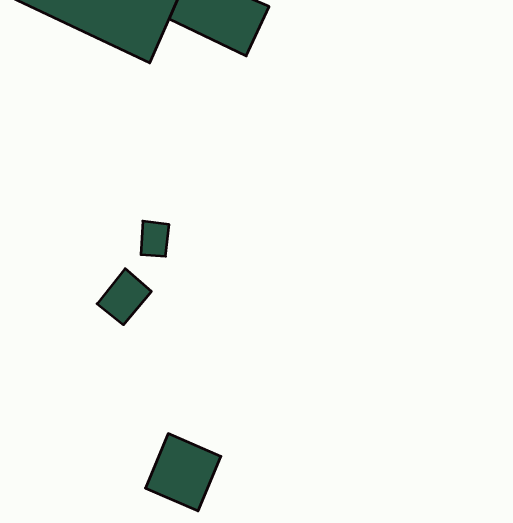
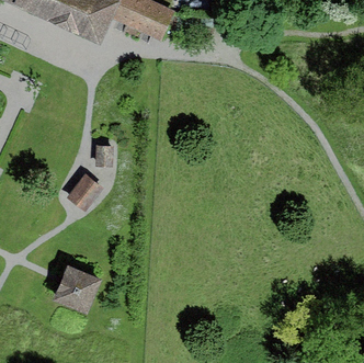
building: [145,434,221,511] -> [53,263,100,311]

